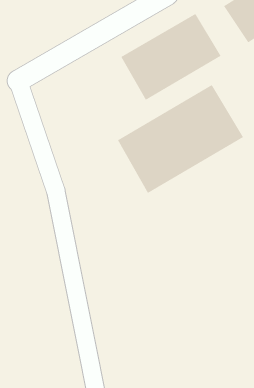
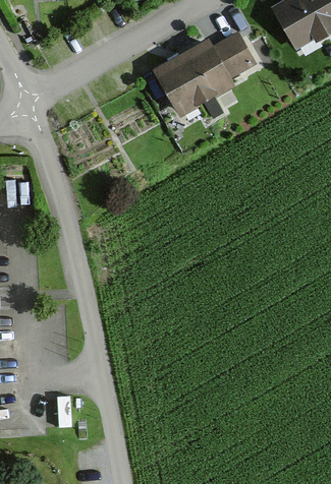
building: [117,84,244,194] -> none

